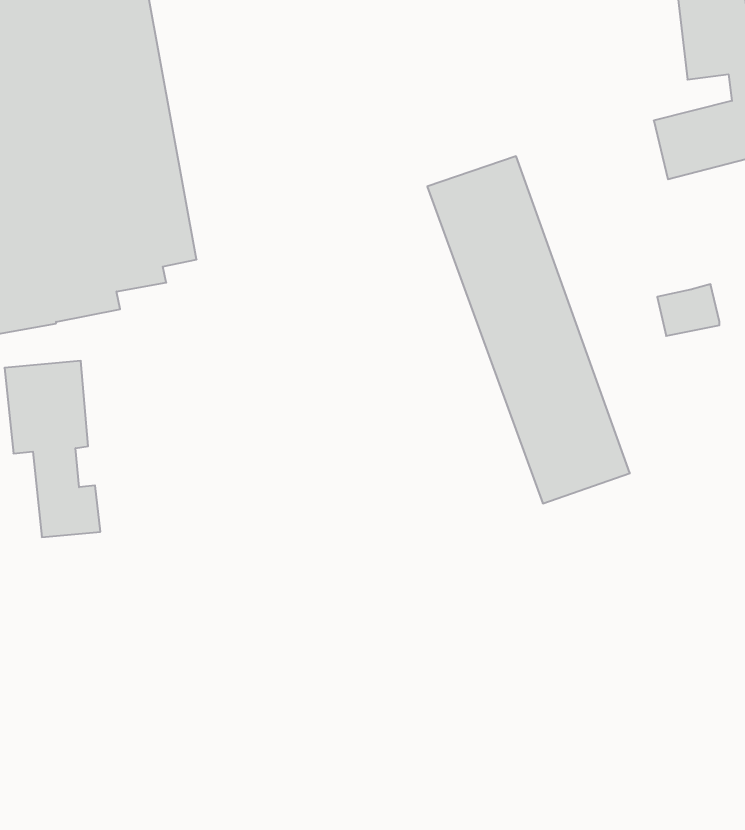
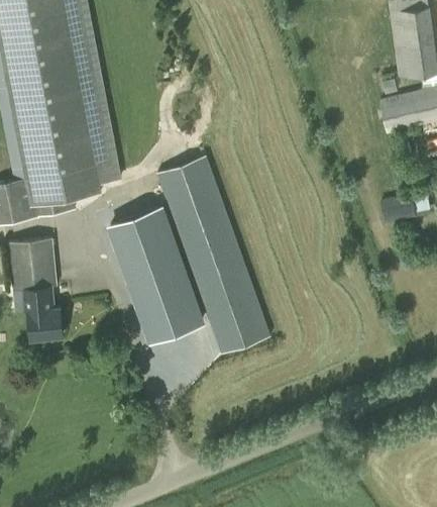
building: [427,156,630,503] -> [156,157,271,353]
building: none -> [108,210,198,342]

